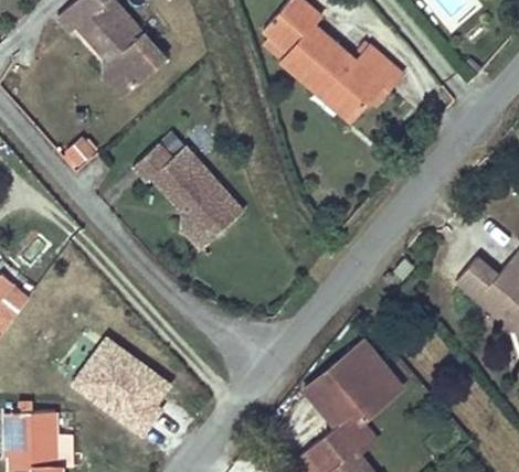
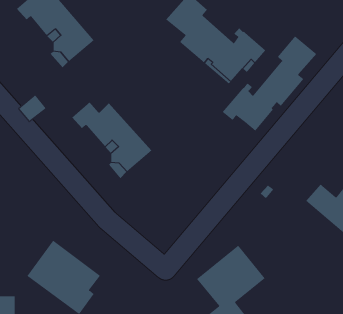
building: none -> [222,36,317,131]

